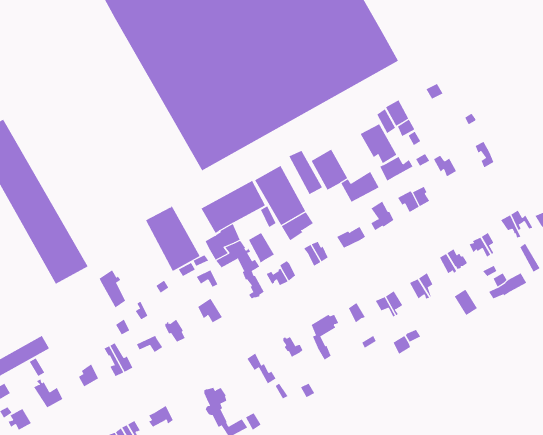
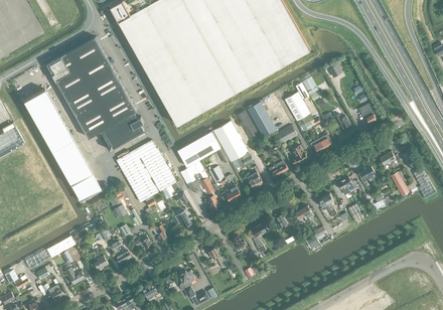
building: none -> [46,37,144,151]
building: none -> [116,140,157,202]

